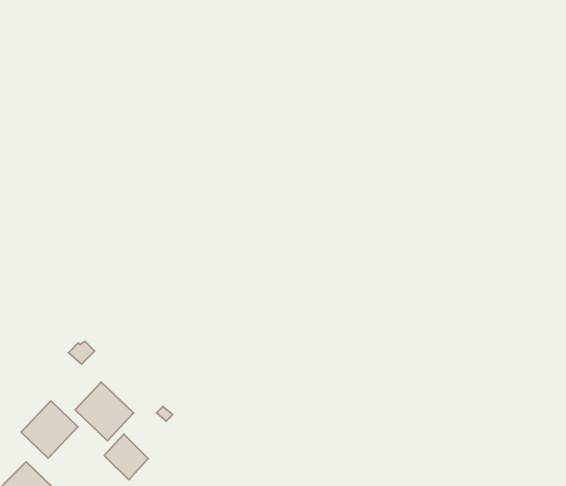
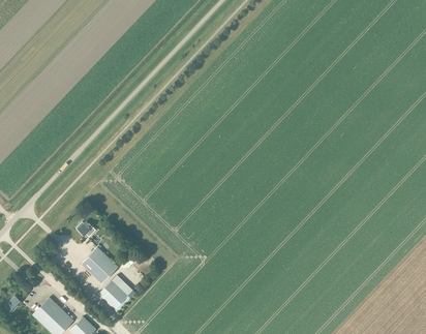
building: [21,401,78,458] -> none

